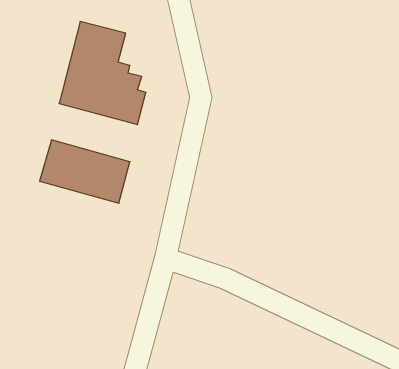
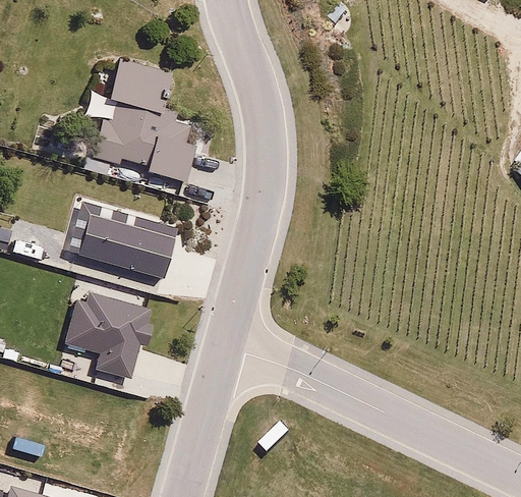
building: none -> [64,292,150,379]

